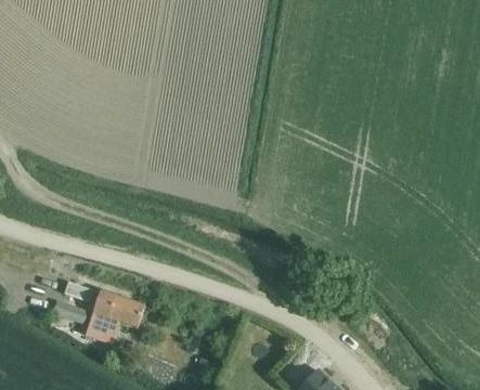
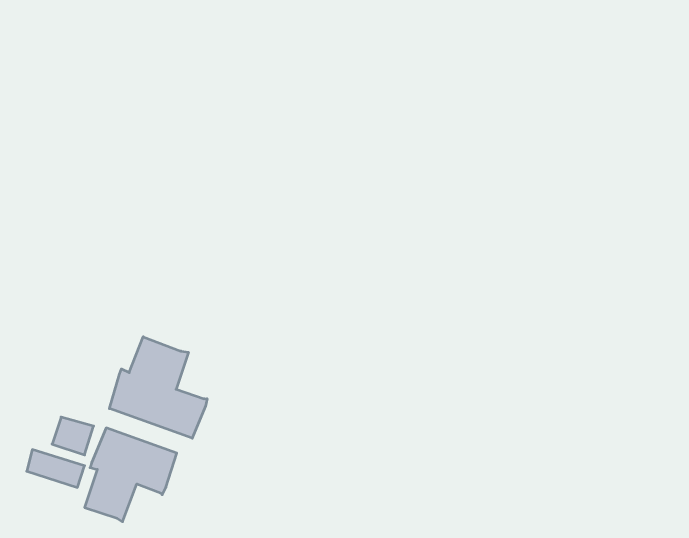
building: none -> [109,337,207,438]

